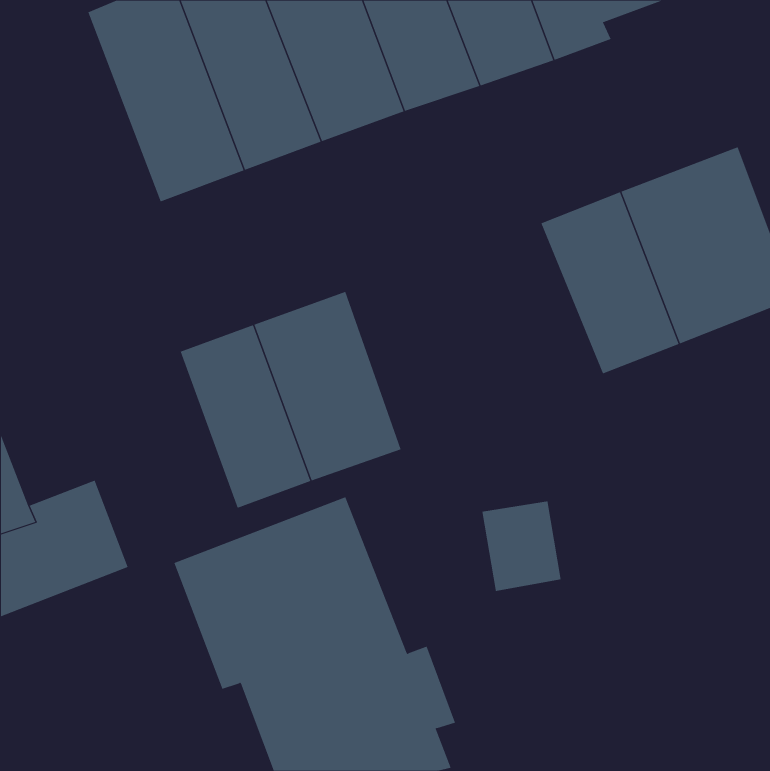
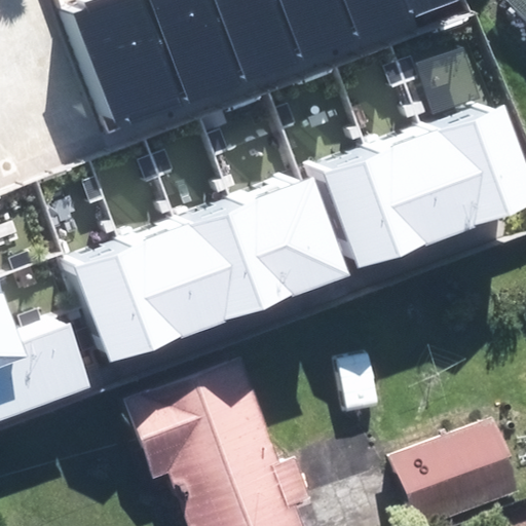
building: none -> [315,152,411,276]
building: none -> [236,175,345,306]
building: none -> [66,239,162,367]
building: none -> [379,399,520,515]

